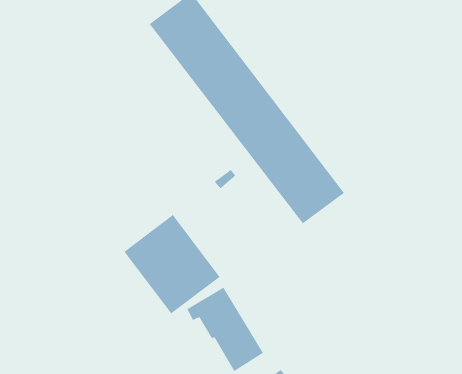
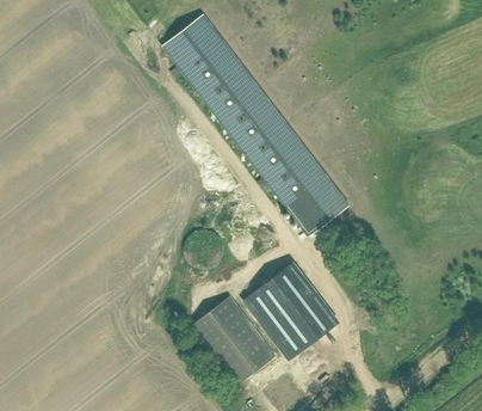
building: [123,214,221,314] -> [243,263,336,358]

